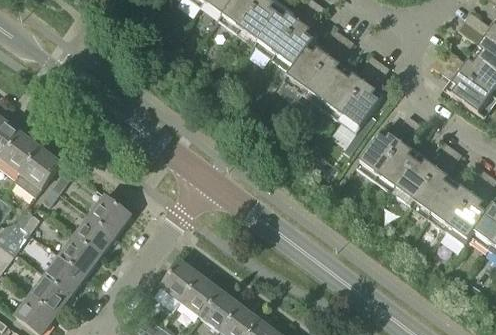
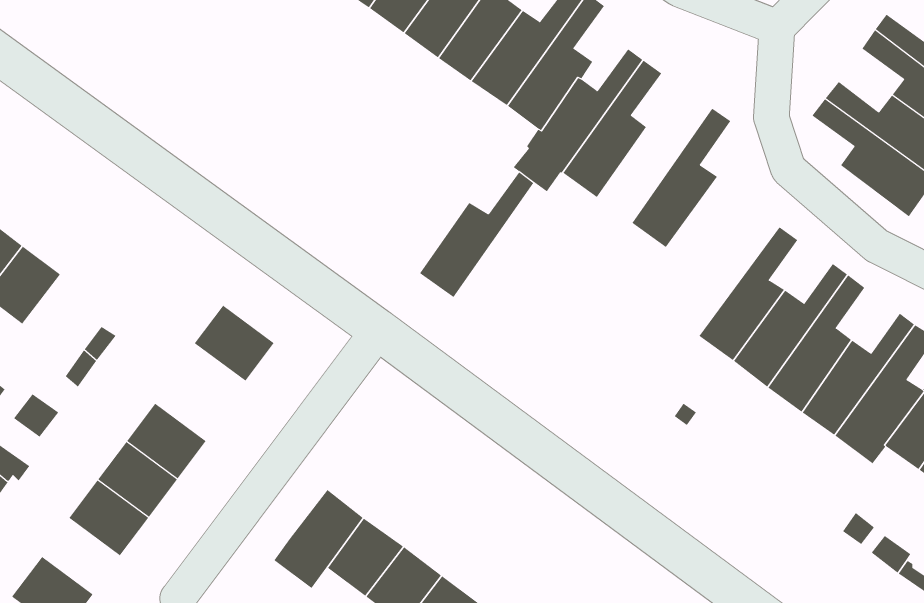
building: [320,54,380,120] -> [419,172,534,298]
building: [356,116,415,179] -> none
building: [14,147,61,197] -> none
building: [89,194,131,234] -> [194,305,274,381]
building: [30,274,71,314] -> none

